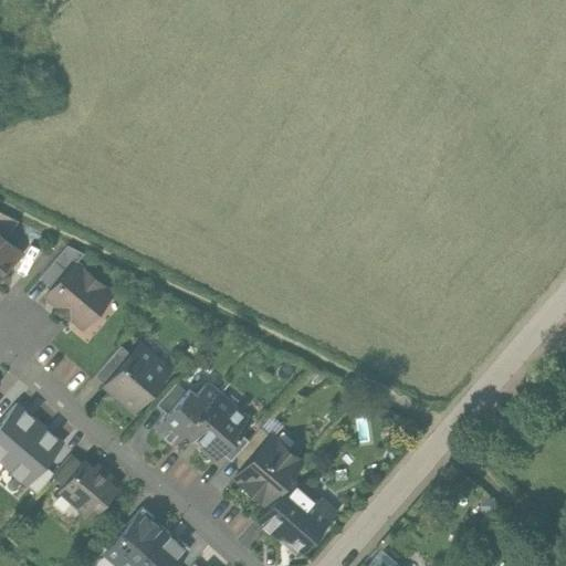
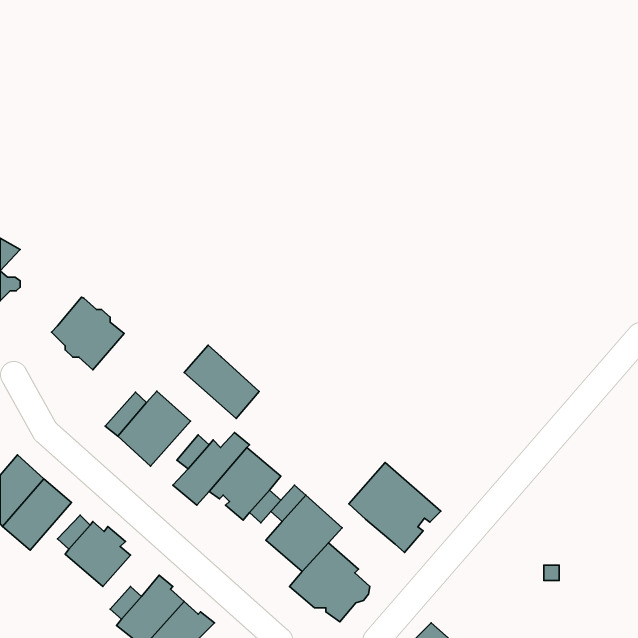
building: [41,248,84,290] -> none
building: none -> [184,345,259,419]
building: none -> [349,462,441,553]

